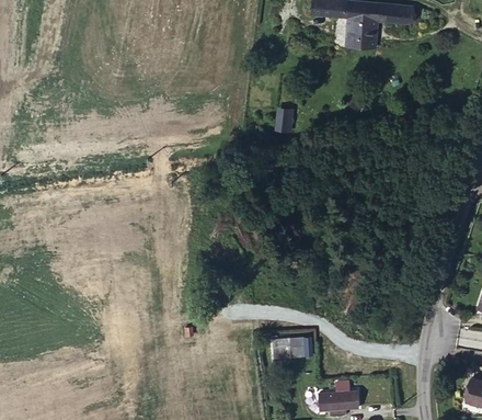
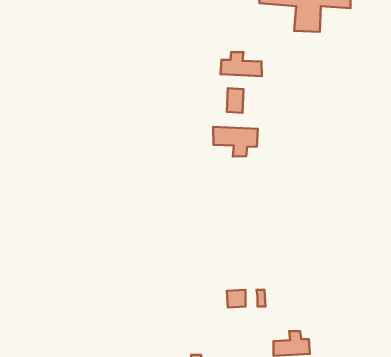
building: none -> [221,52,262,76]
building: none -> [213,127,258,156]

